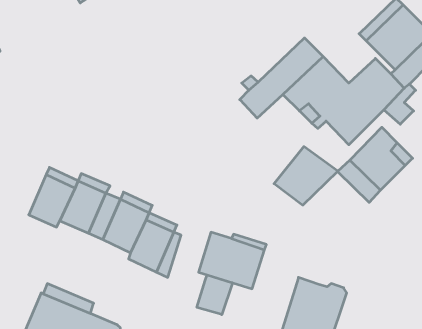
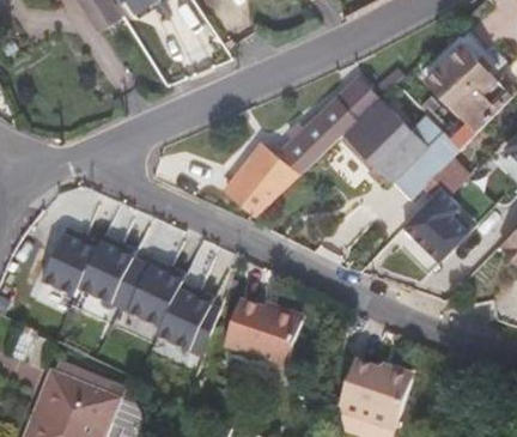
building: [274,147,338,205] -> [226,144,300,212]
building: [197,275,232,315] -> none

